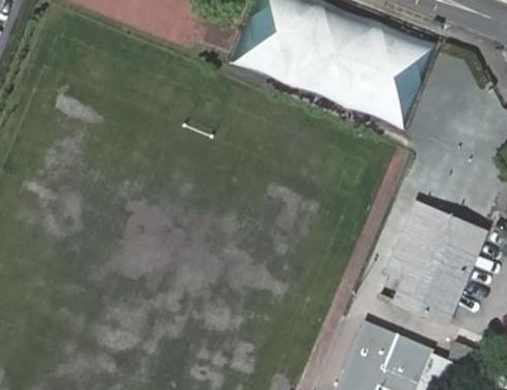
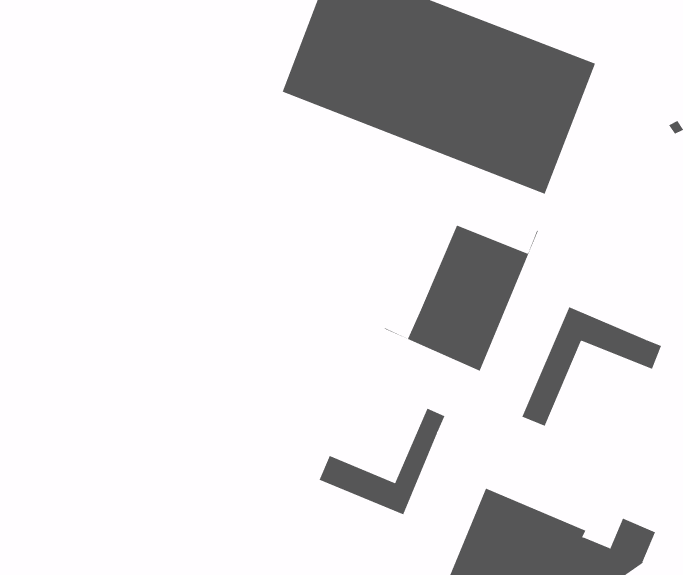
building: [379,226,481,322] -> [384,225,538,371]
building: none -> [319,408,445,515]

